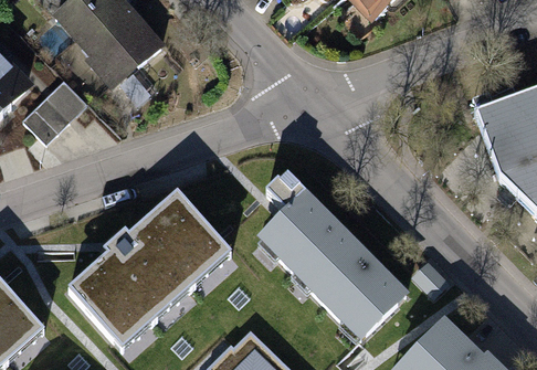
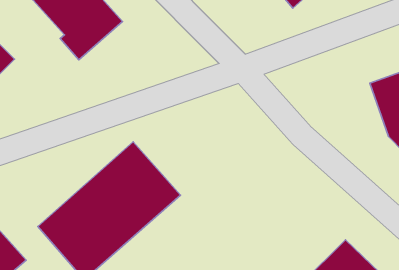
building: [24,76,91,141] -> none
building: [253,183,407,337] -> none

